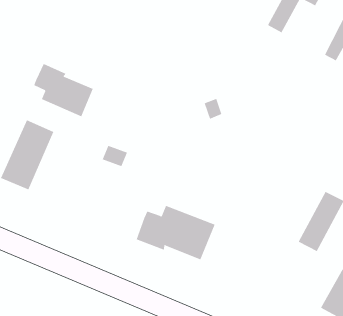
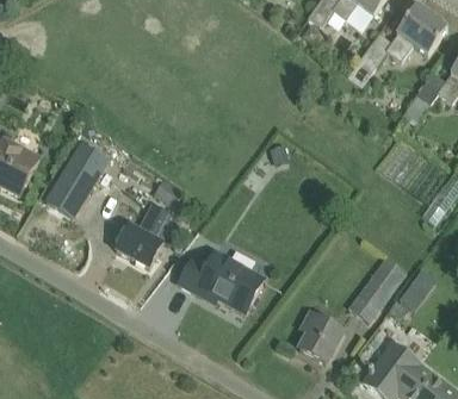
building: [34,63,94,117] -> none
building: none -> [114,202,179,267]
building: none -> [298,311,342,362]

